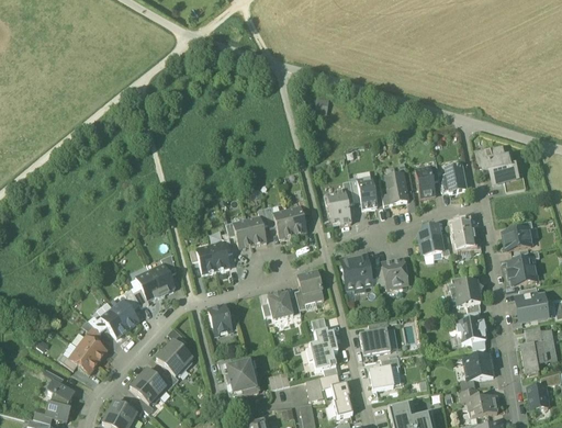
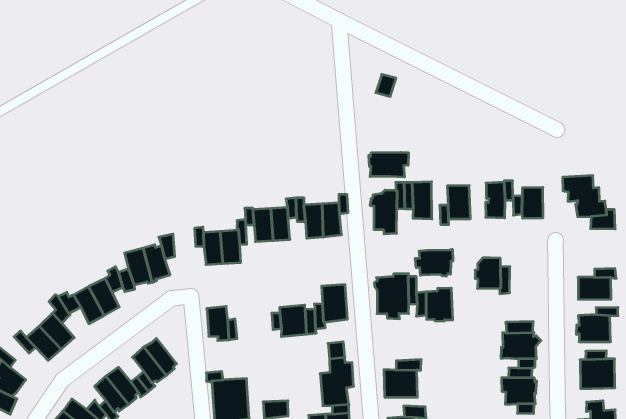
building: none -> [369,152,408,177]
building: [451,222,480,251] -> none
building: none -> [415,249,453,276]

